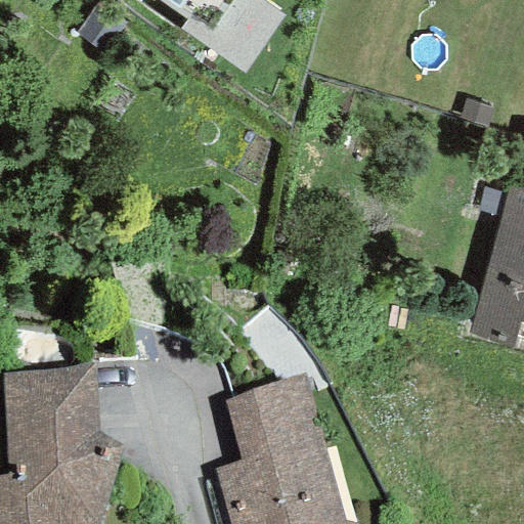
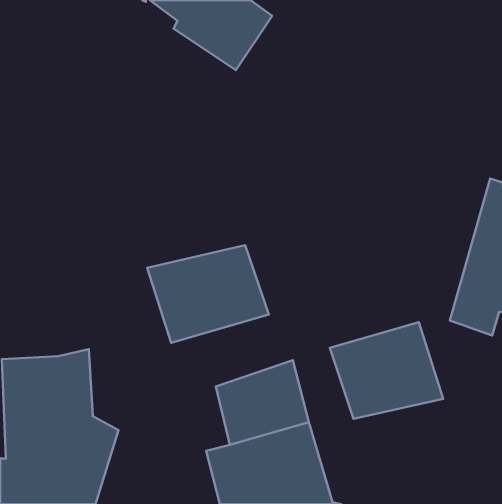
building: none -> [147,245,269,343]
building: none -> [330,322,443,419]

